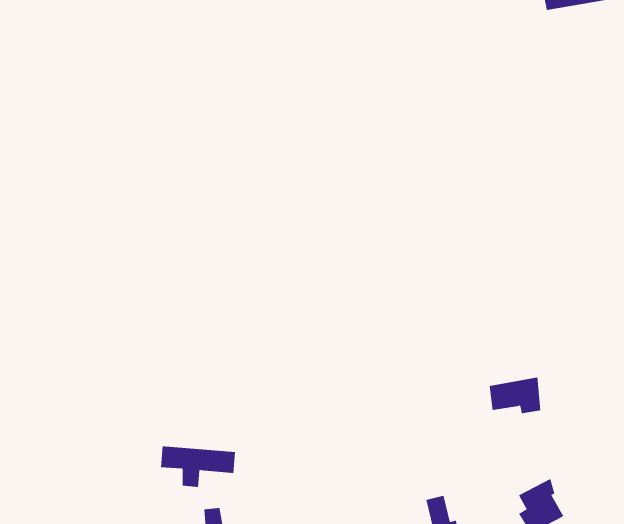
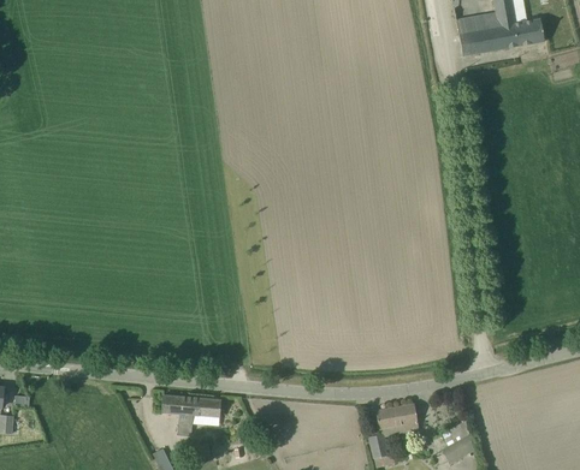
building: [489,377,541,414] -> [375,403,416,432]

